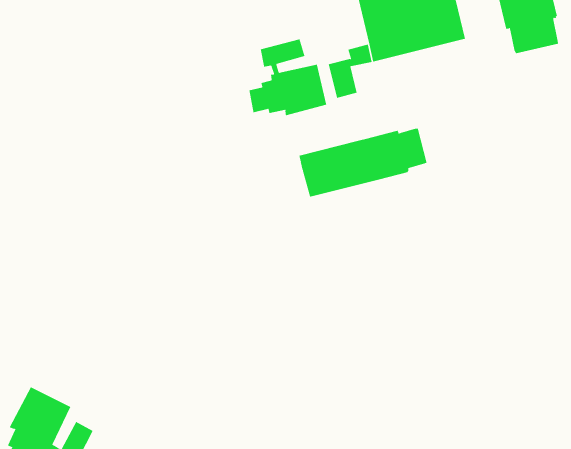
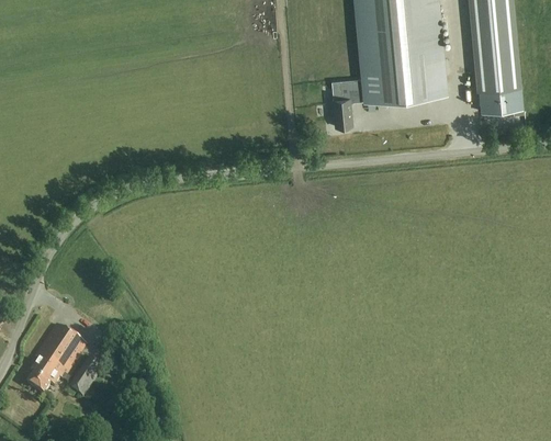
building: [249,39,327,116] -> none
building: [299,128,427,198] -> none

